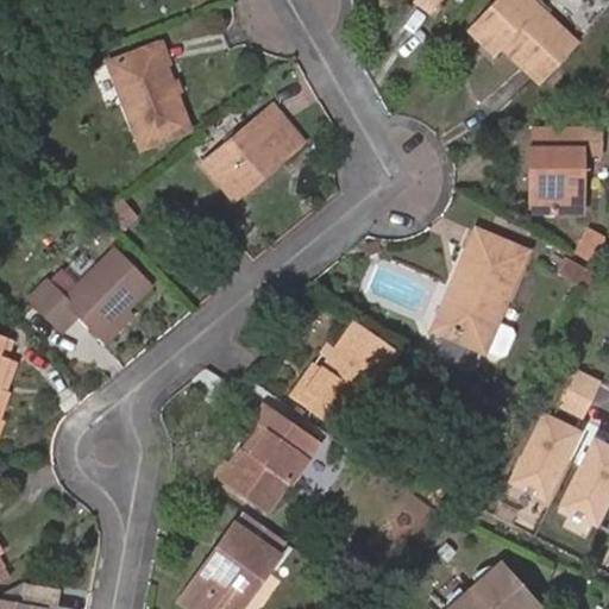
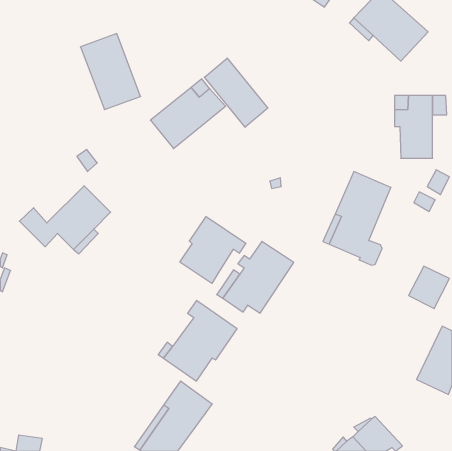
building: none -> [204,58,268,127]
building: none -> [180,217,246,283]
building: [507,410,584,502] -> none

